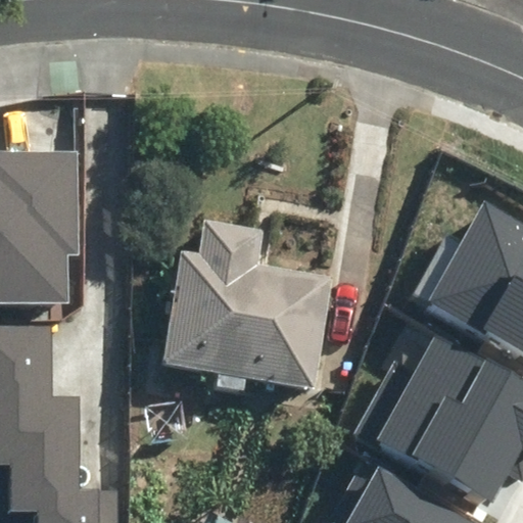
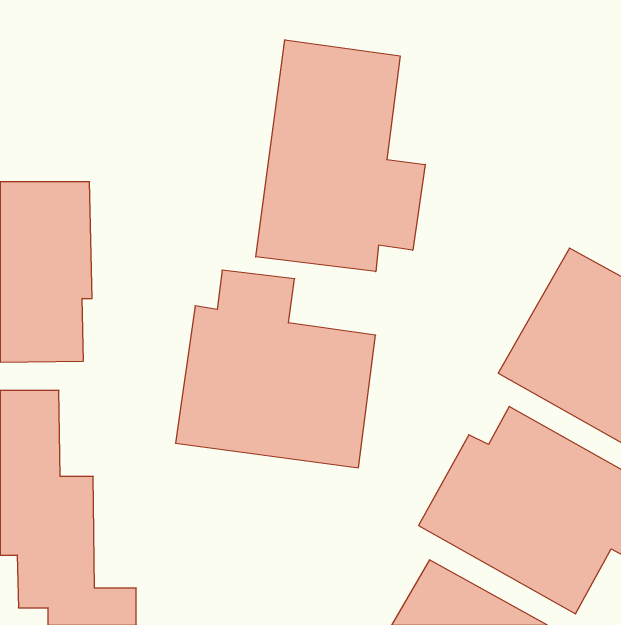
building: none -> [256,40,425,272]

